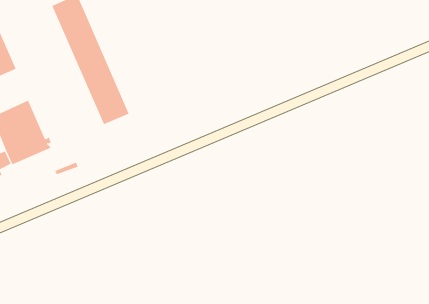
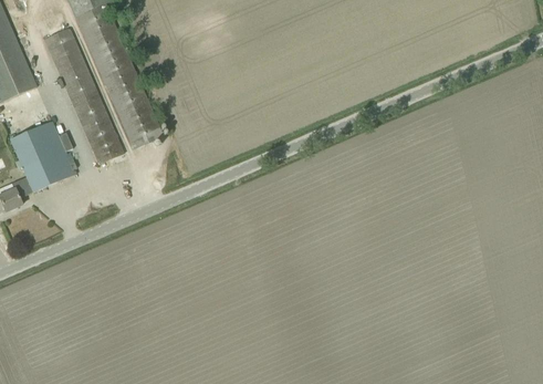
building: none -> [43,25,123,162]

